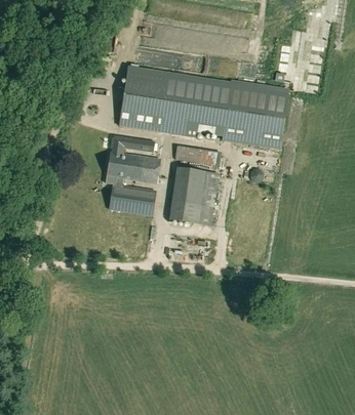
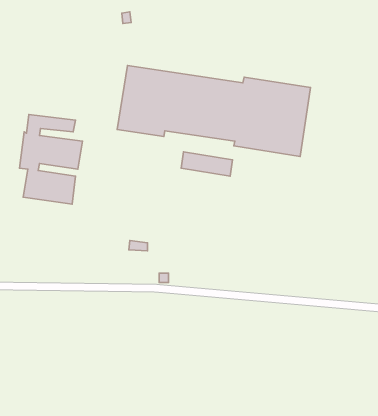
building: [105,135,160,214] -> [20,114,83,204]
building: [169,167,216,224] -> none

